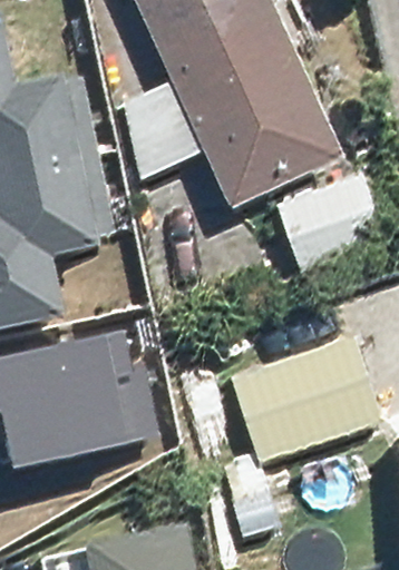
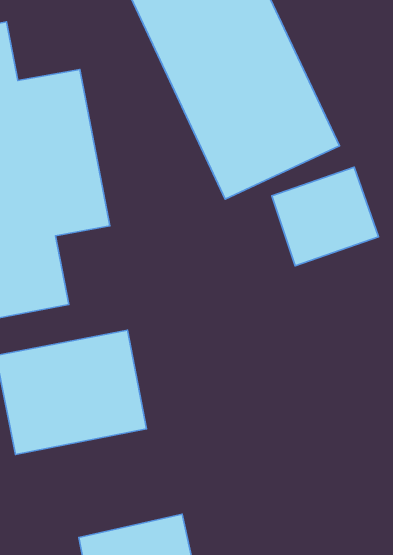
building: [227,333,376,463] -> none

